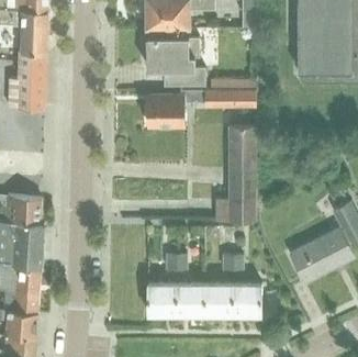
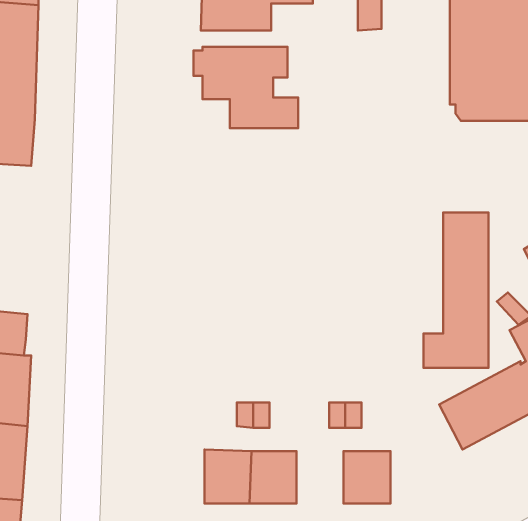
building: [146,90,255,126] -> none
building: [216,126,256,221] -> [423,212,488,368]
building: [204,283,233,315] -> none

